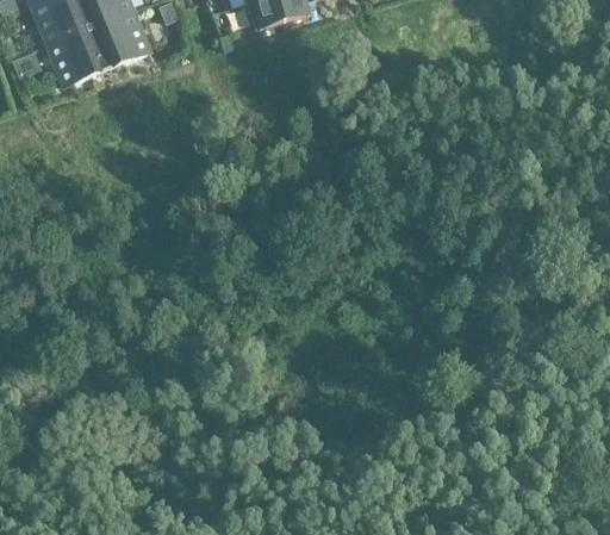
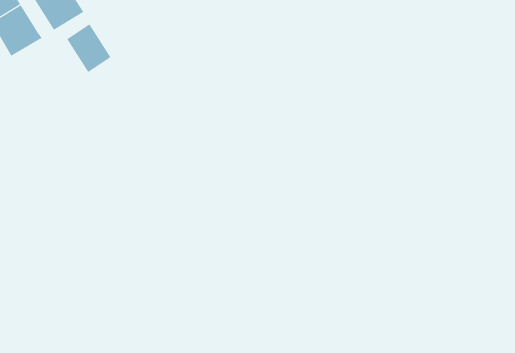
building: none -> [67,23,111,73]

